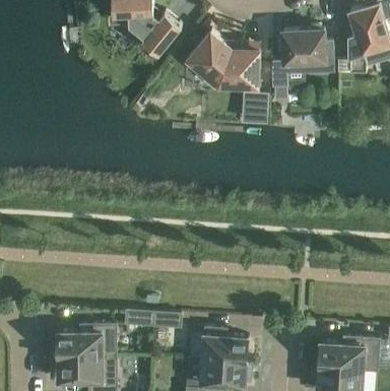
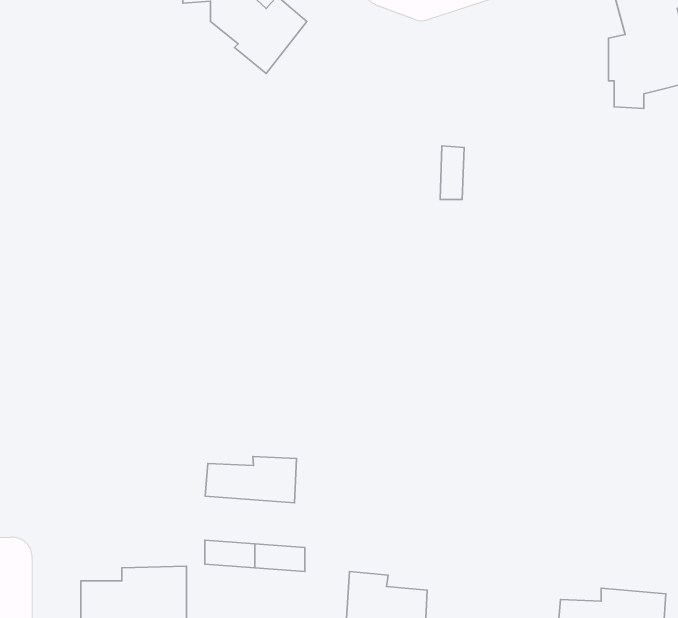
building: [271,25,332,86] -> none
building: [188,30,259,85] -> none
building: none -> [205,457,297,503]

